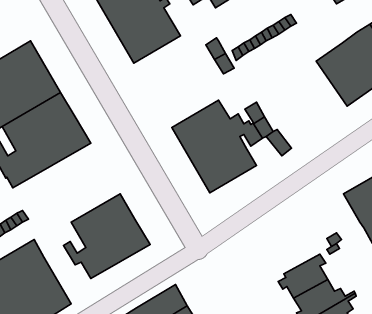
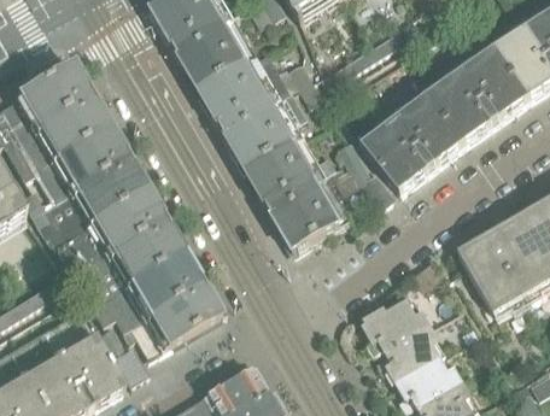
building: none -> [200,52,305,170]
building: none -> [361,88,464,191]
building: none -> [51,189,183,306]
building: none -> [365,301,431,352]
building: none -> [98,326,147,385]

